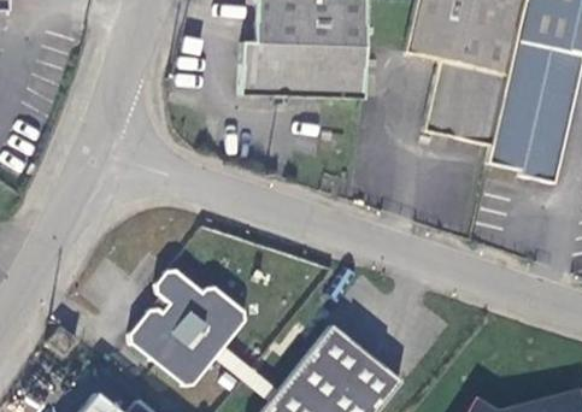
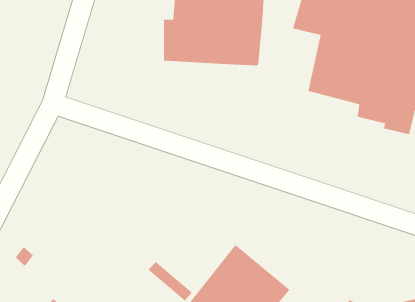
building: [129,272,246,385] -> none

